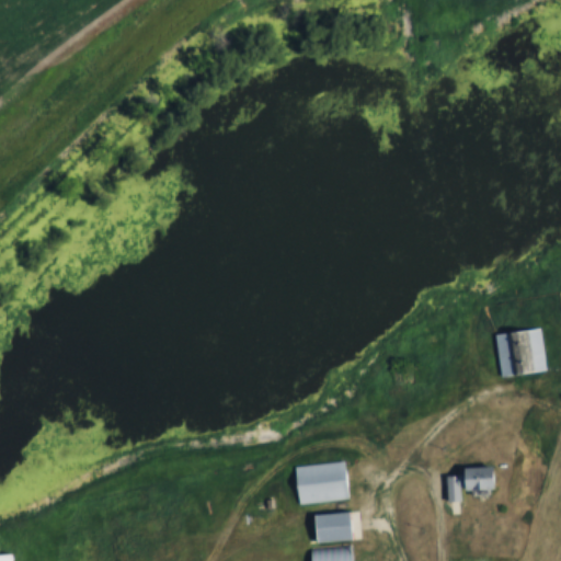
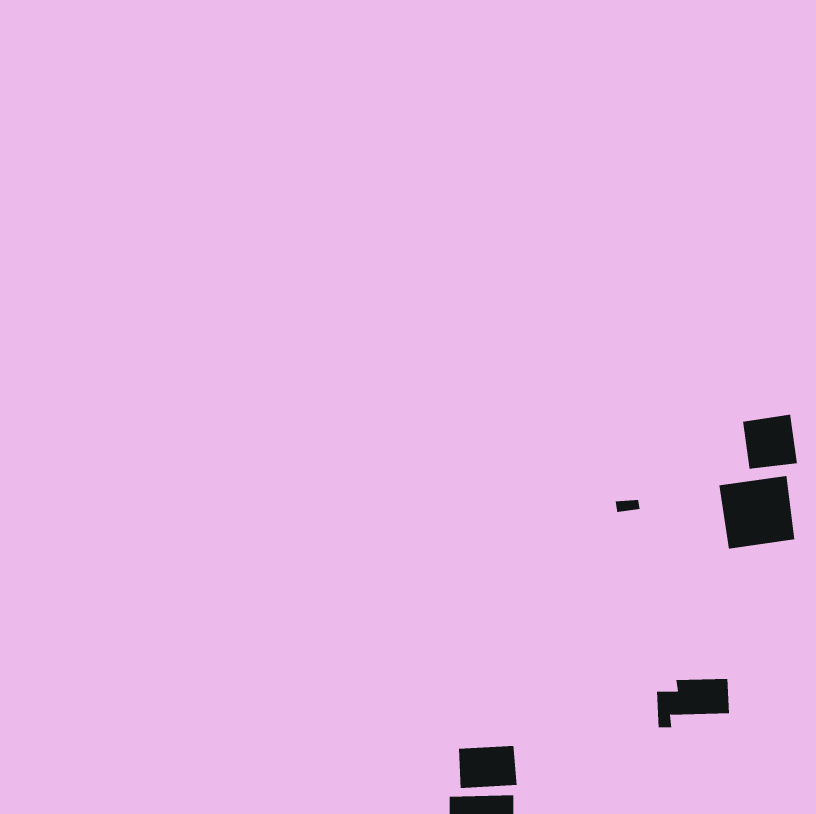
building: none -> [742,414,798,470]
building: [294,463,347,504] -> none

